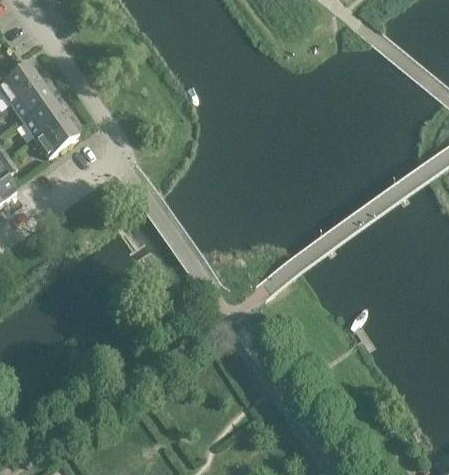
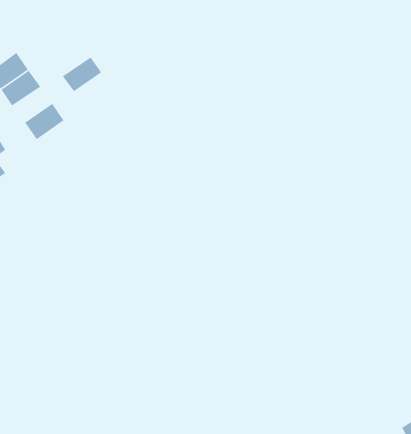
building: [22,98,65,136] -> [62,57,102,92]

